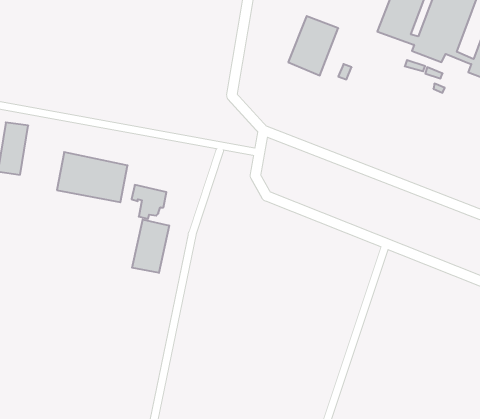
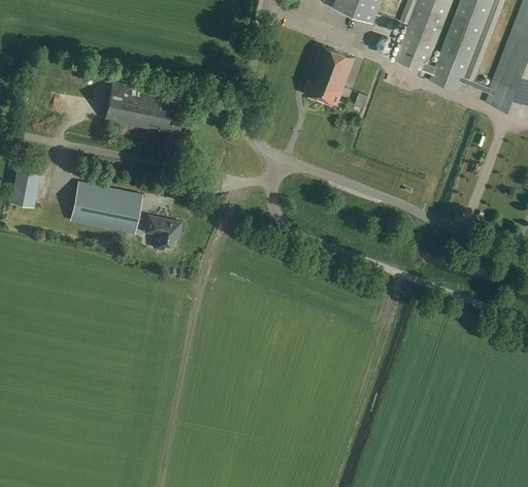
building: none -> [105,80,183,133]
building: [132,219,169,273] -> none

